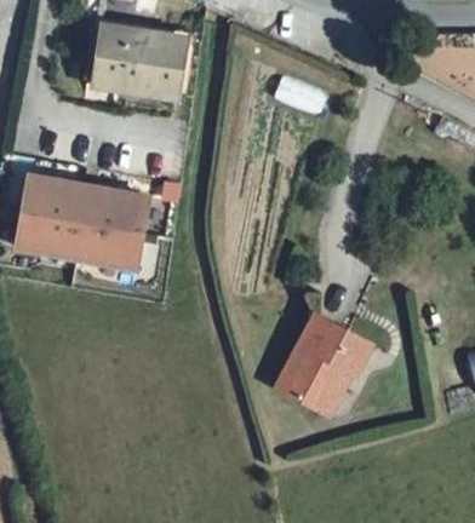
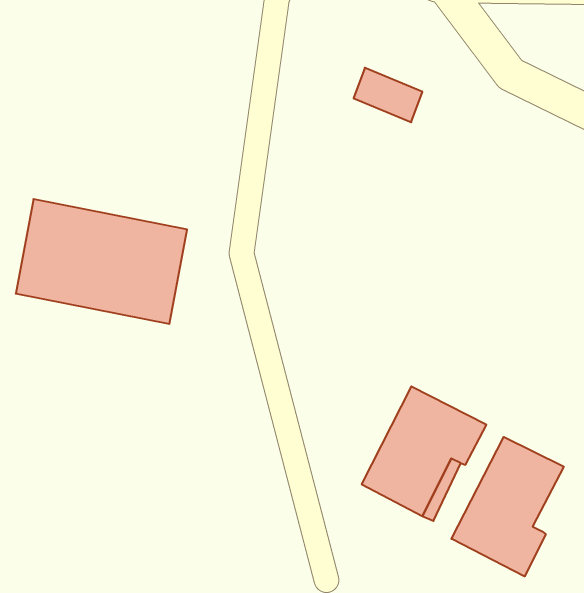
building: [98,29,185,93] -> none
building: none -> [451,437,564,576]

